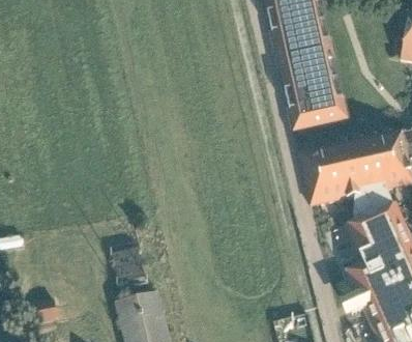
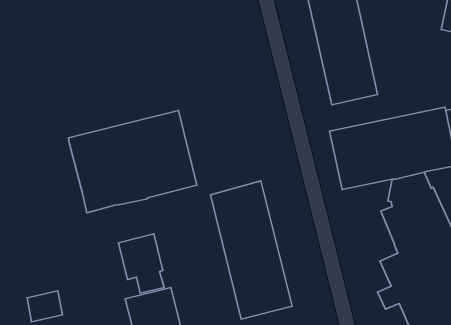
building: none -> [69,110,197,213]
building: none -> [210,181,292,319]

